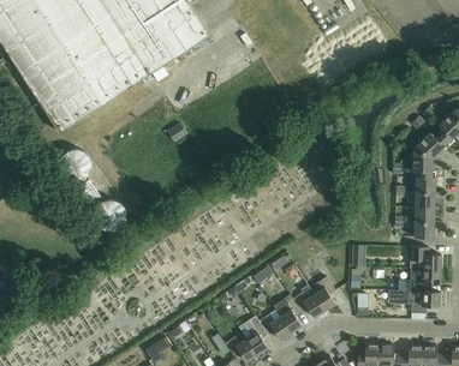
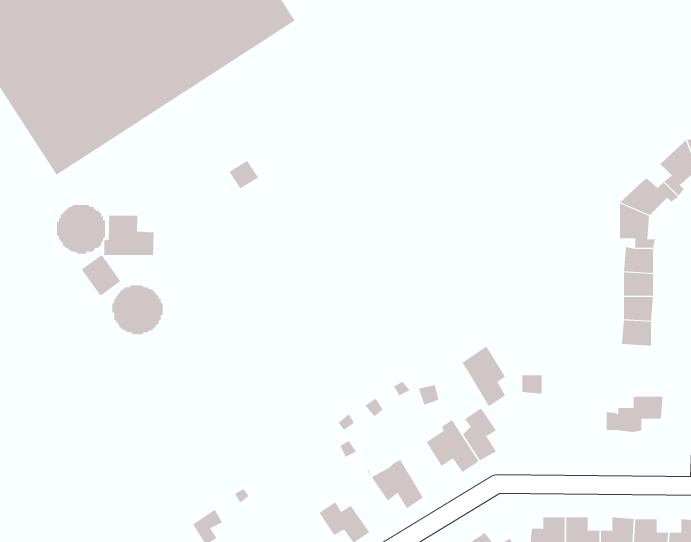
building: none -> [104,215,154,256]
building: [407,247,440,270] -> none
building: [398,292,439,314] -> none
building: [273,295,300,334] -> [462,346,506,407]
building: [237,317,267,355] -> none

